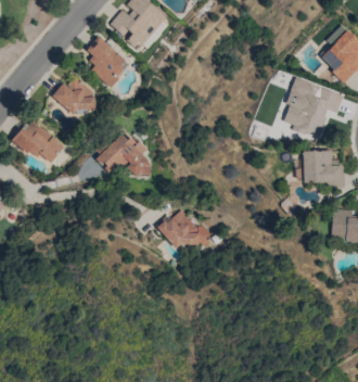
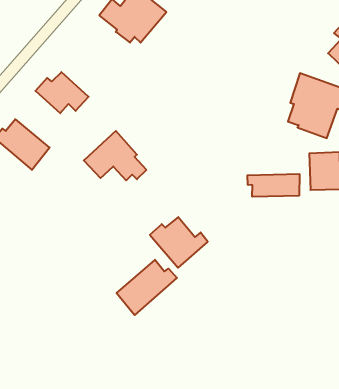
building: [84,36,129,85] -> none
building: none -> [247,174,299,197]
building: none -> [117,260,177,315]

